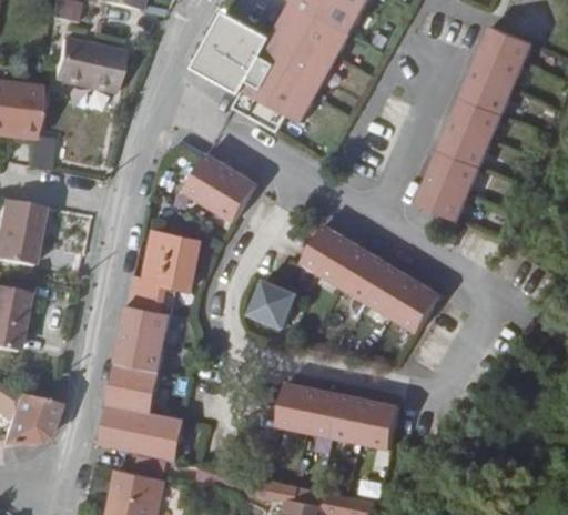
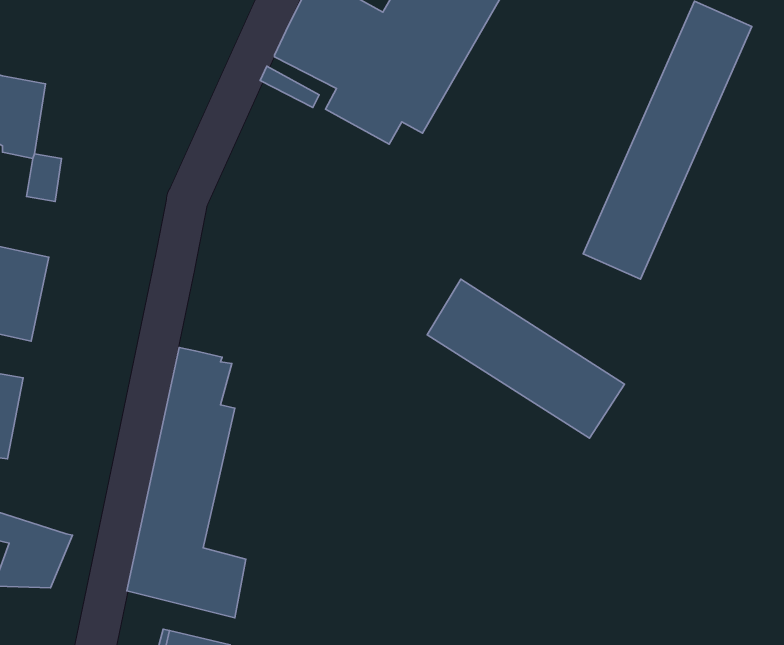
building: [52,40,115,91] -> none
building: [184,150,256,218] -> none
building: [142,230,200,287] -> none
building: [247,277,293,325] -> none
building: [273,381,395,448] -> none

